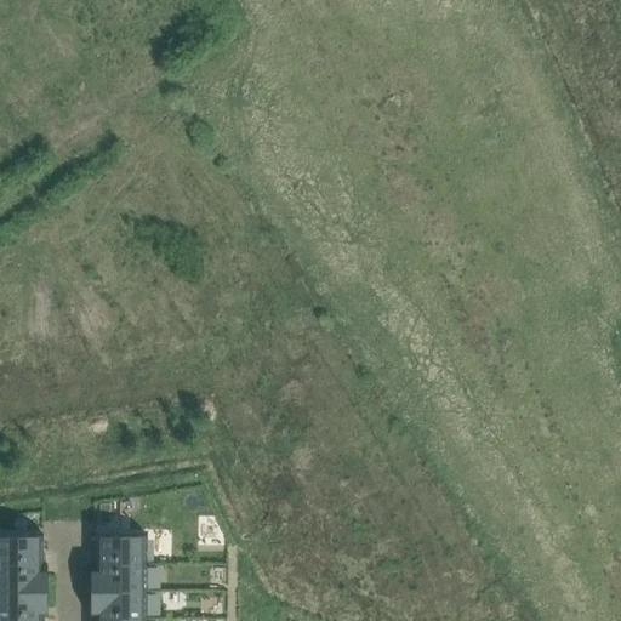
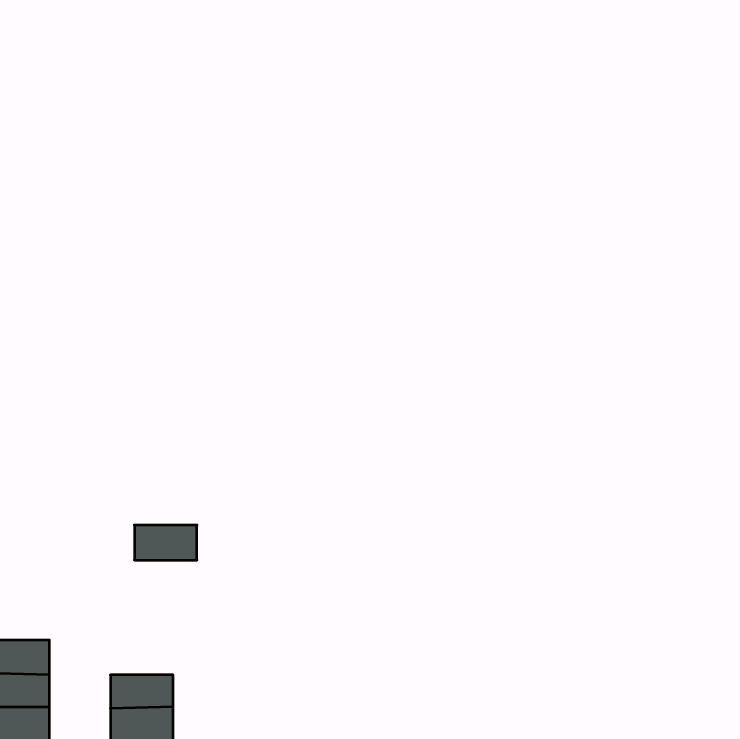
building: [92,537,144,566] -> [134,525,197,560]

